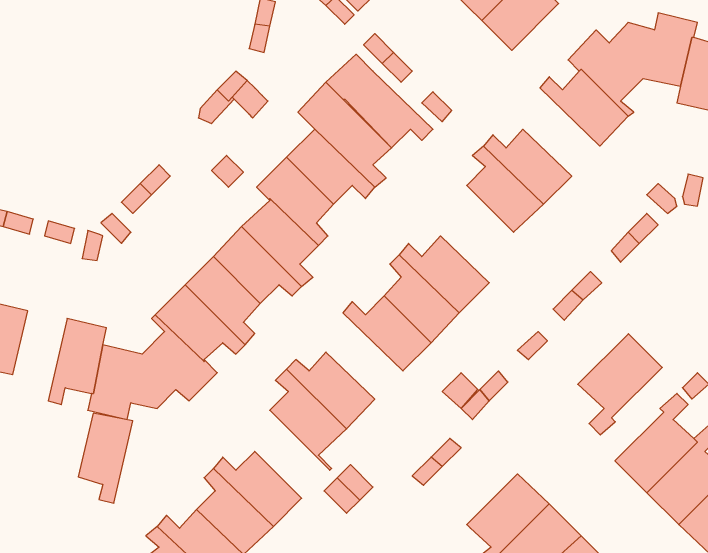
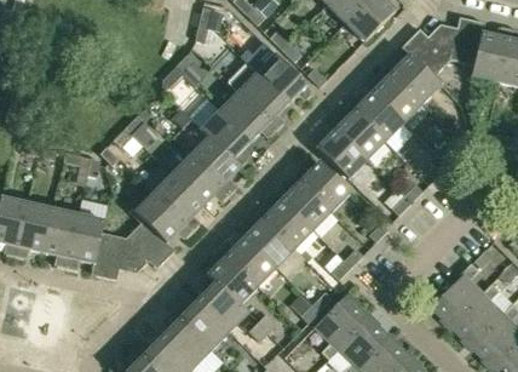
building: none -> [372,65,421,122]
building: none -> [309,128,366,178]
building: none -> [244,211,294,267]
building: [578,334,662,435] -> [313,293,368,359]
building: none -> [198,274,247,331]
building: [78,413,133,503] -> [42,210,77,268]

